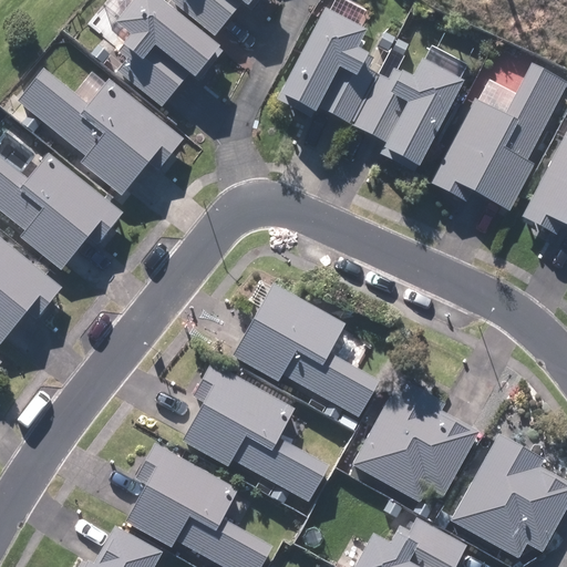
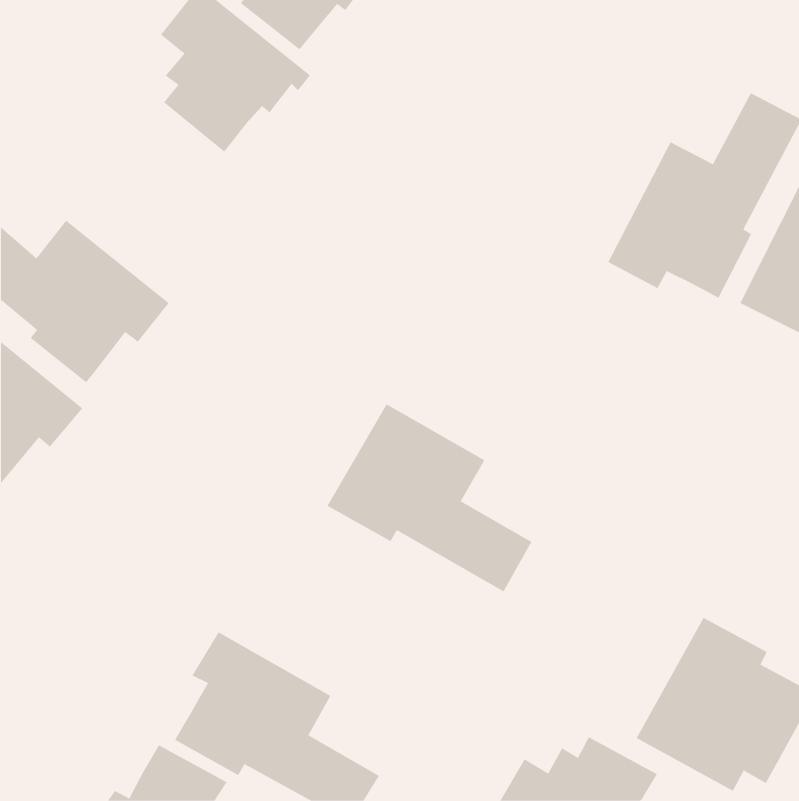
building: [279,11,377,124] -> none
building: [354,64,461,168] -> none
building: [20,72,182,194] -> none
building: [184,362,329,502] -> none
building: [352,379,478,502] -> none

